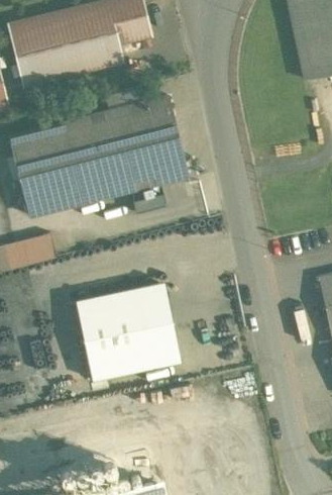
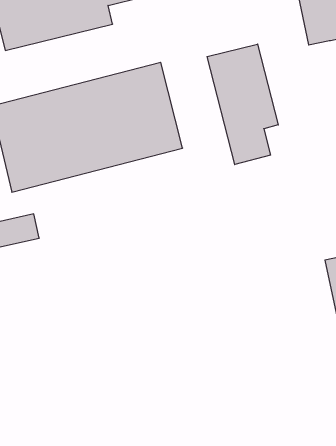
building: none -> [207,44,278,165]
building: [75,284,180,380] -> none

